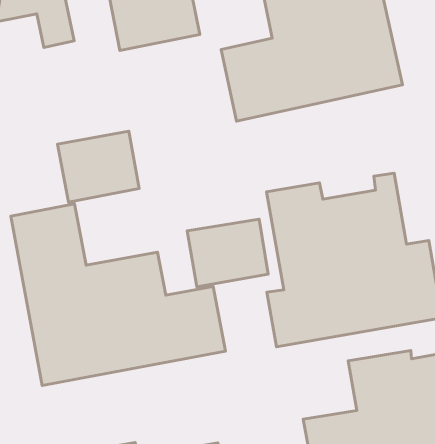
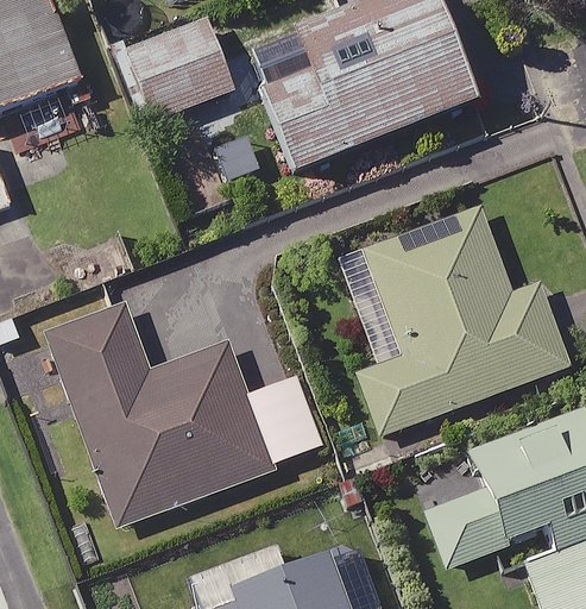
building: [58,131,139,202] -> none
building: [187,219,268,287] -> none

